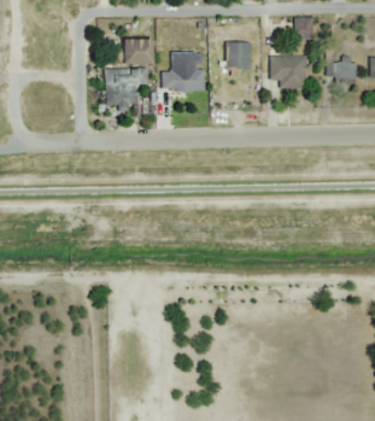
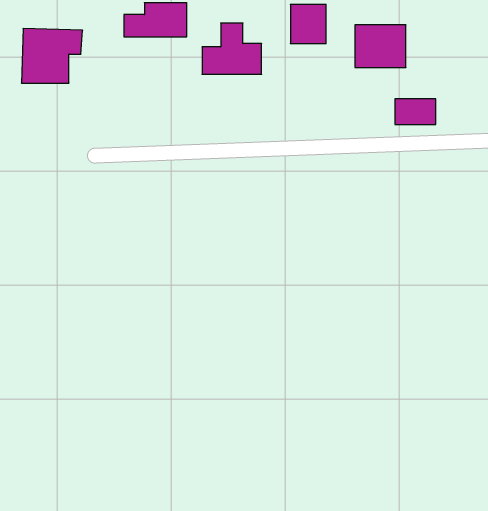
building: [328,59,357,77] -> [395,99,436,124]
building: [106,69,150,107] -> [21,29,83,83]

